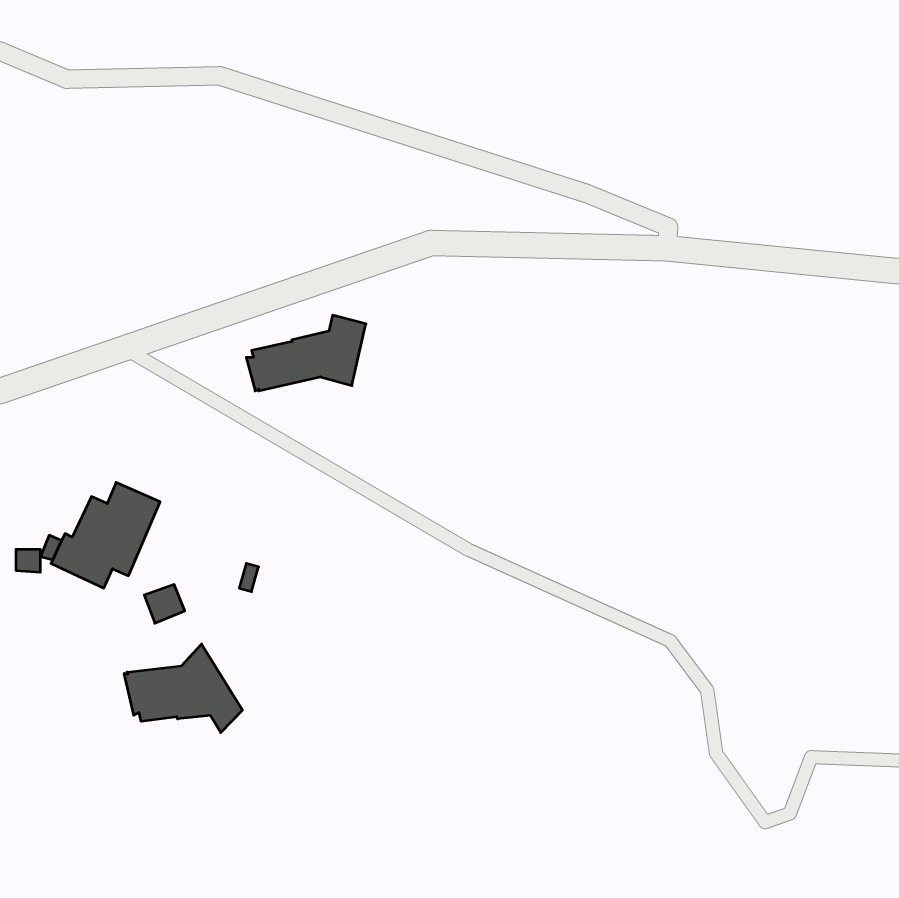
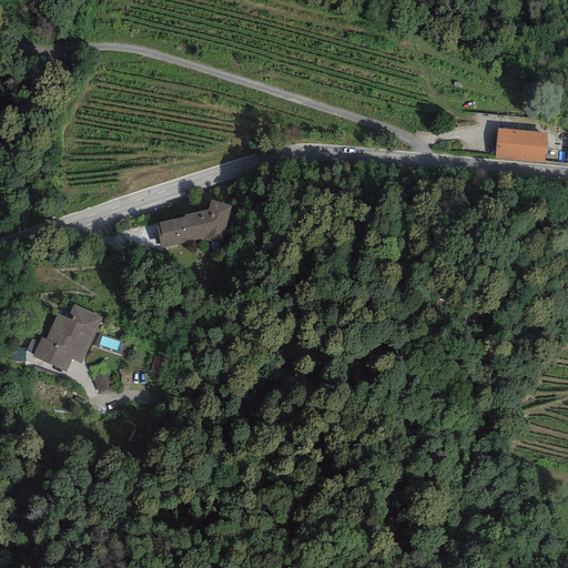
building: none -> [495,128,546,160]
building: [124,644,242,733] -> none

